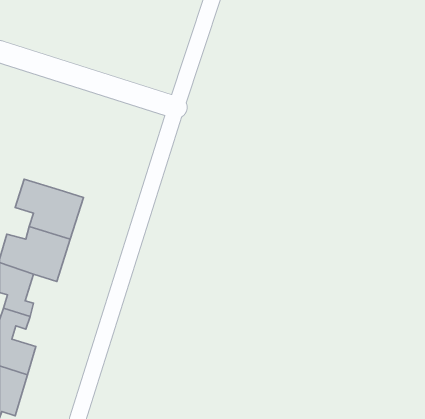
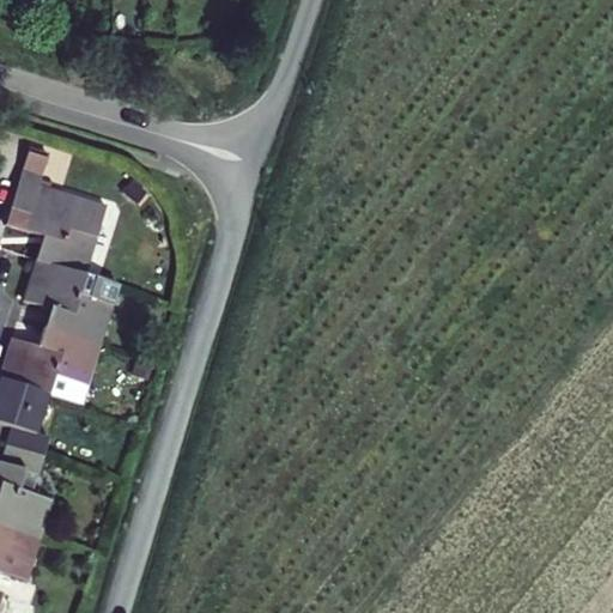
building: none -> [5,151,107,273]

